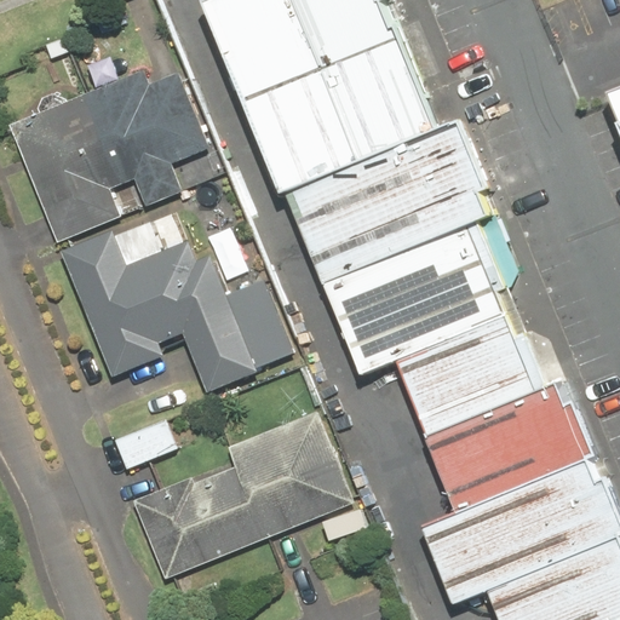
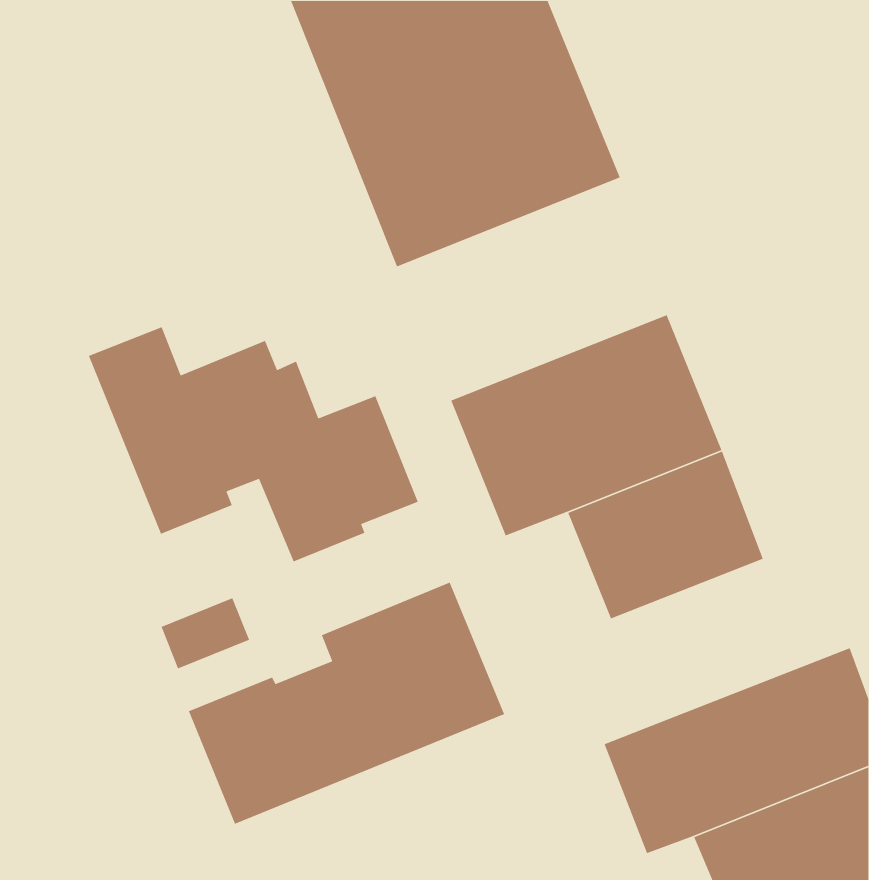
building: [6,65,211,243] -> none
building: [279,117,496,282] -> none
building: [429,381,597,510] -> none

